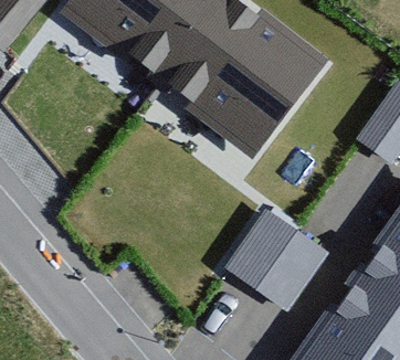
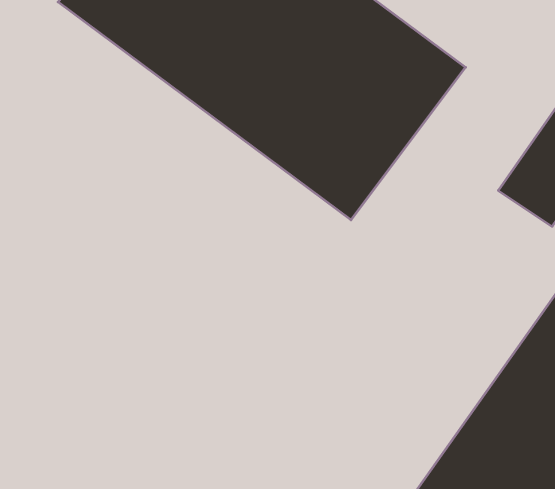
building: [224,211,327,313] -> none

